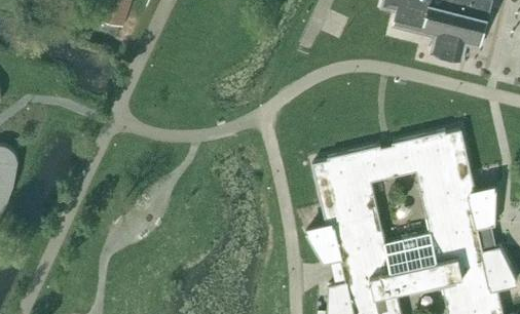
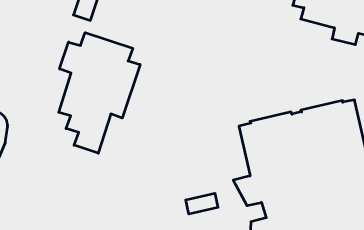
building: none -> [59,33,140,153]
building: none -> [186,193,218,214]

